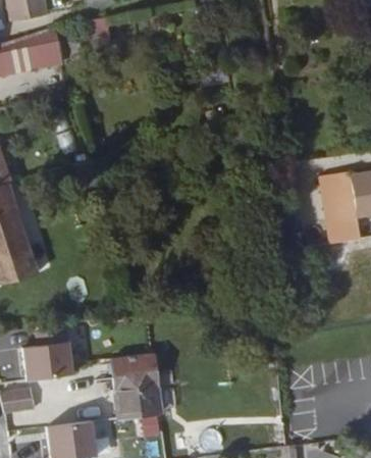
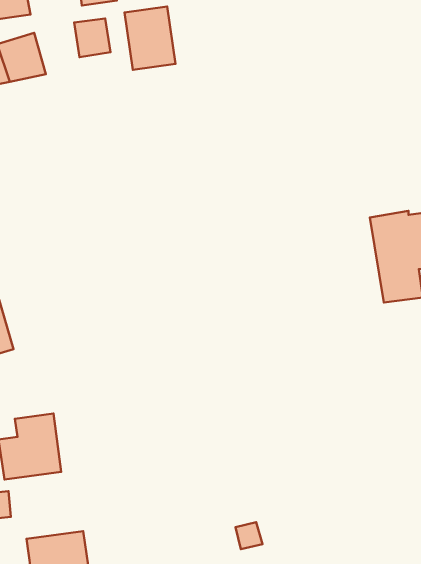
building: none -> [124,7,176,70]
building: [111,357,162,420] -> none

